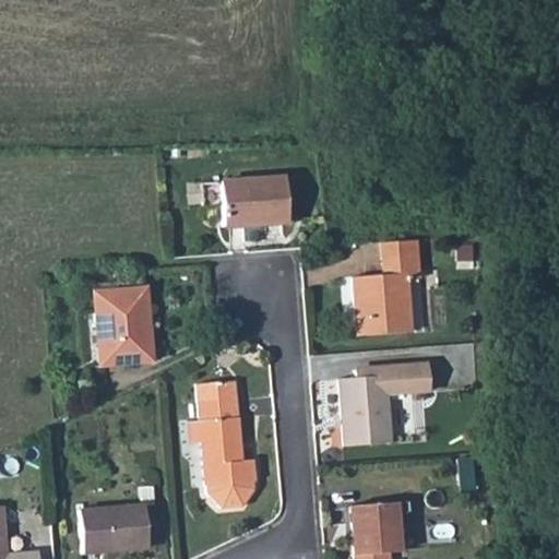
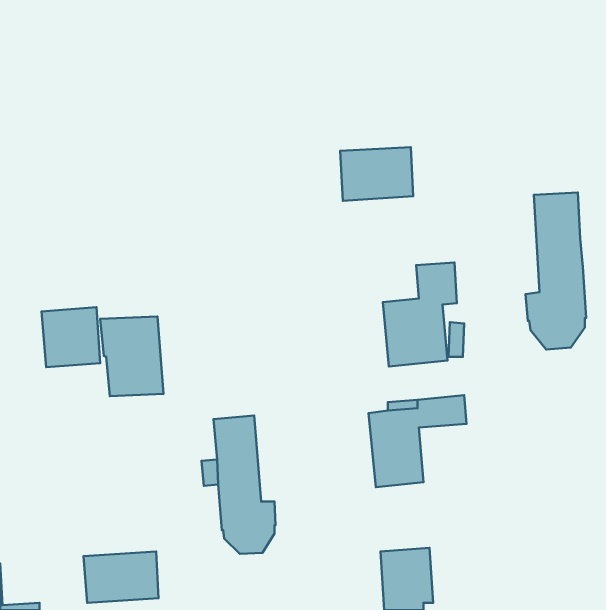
building: [223,176,289,225] -> [340,147,413,201]
building: none -> [526,193,586,350]
building: none -> [42,307,100,367]

